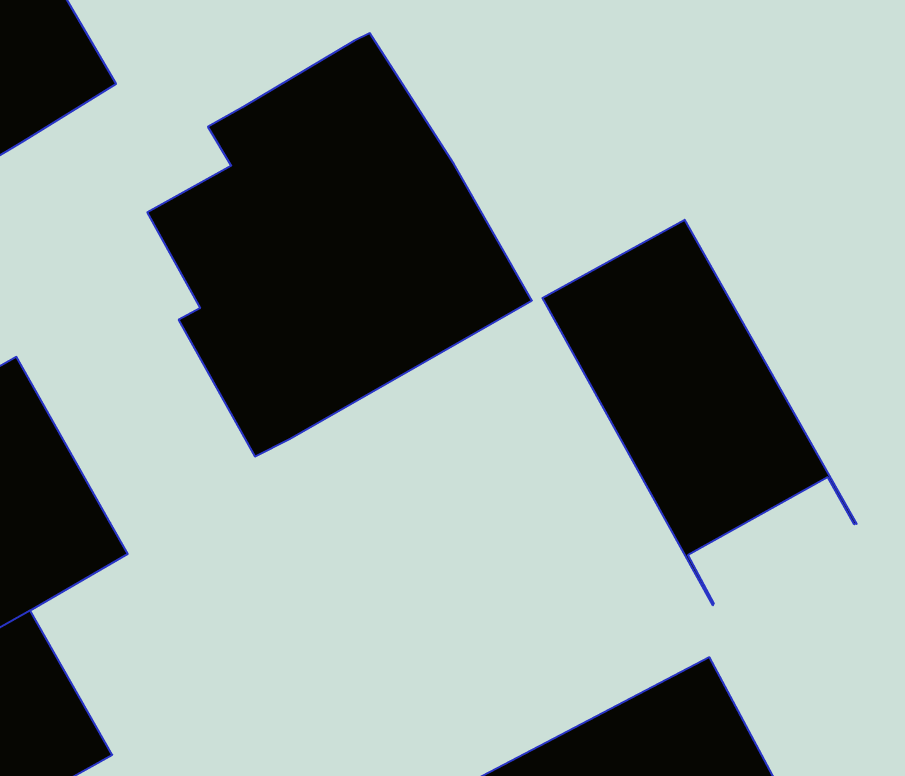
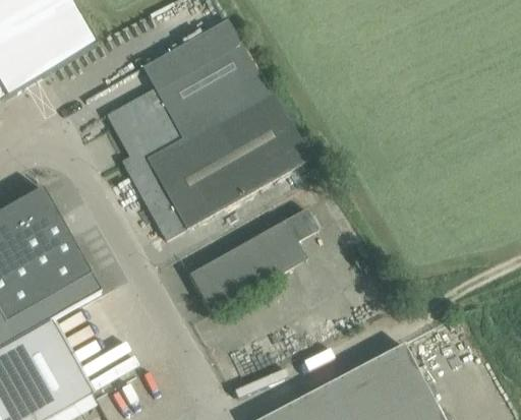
building: [542,220,857,605] -> none
building: none -> [188,207,317,312]

